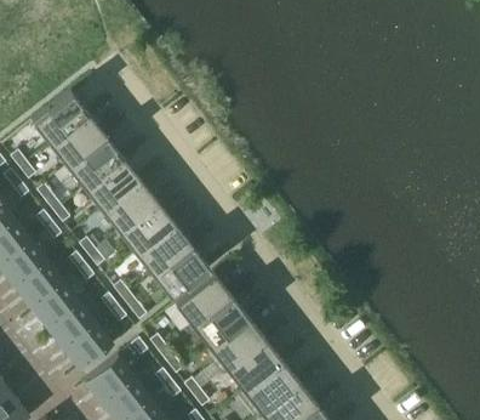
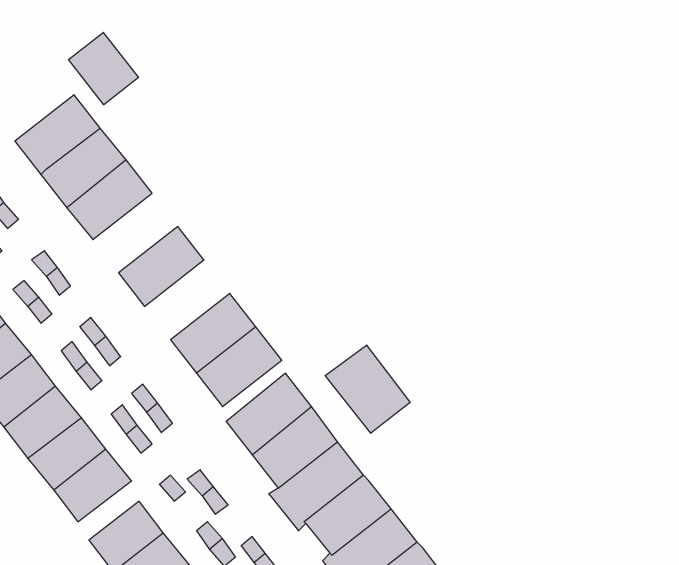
building: none -> [69,32,139,105]
building: [87,154,143,206] -> none
building: [121,198,177,250] -> none
building: none -> [325,345,410,433]

